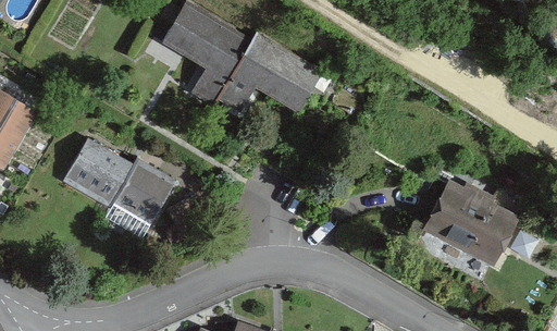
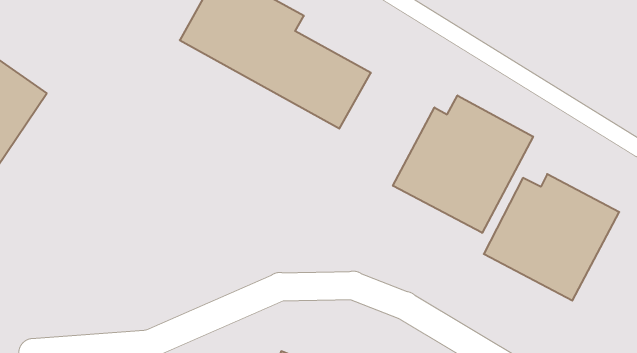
building: none -> [393,95,533,233]
building: [58,131,174,225] -> none

